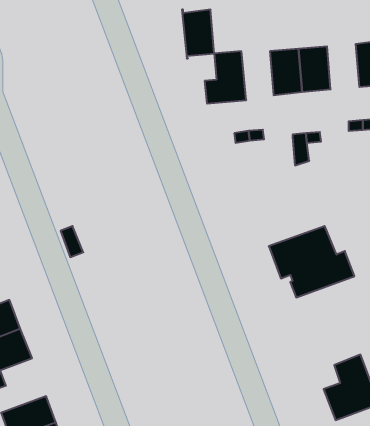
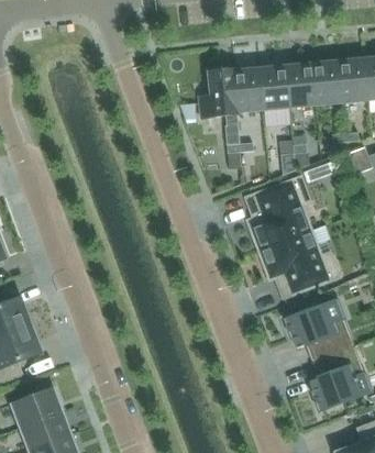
building: [182,10,214,58] -> [233,68,263,113]
building: none -> [312,62,342,103]
building: none -> [246,177,310,248]
building: none -> [285,300,343,358]

